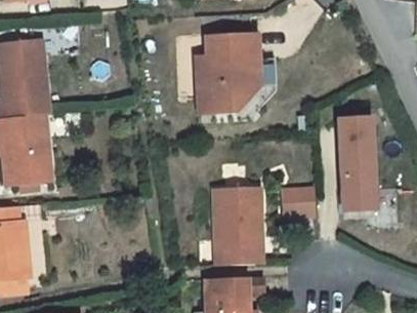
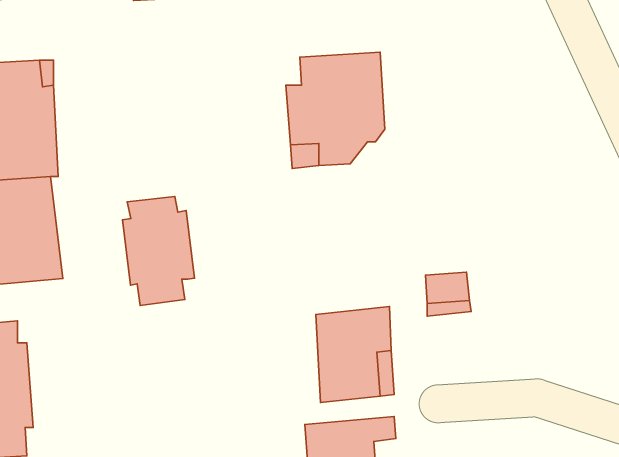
building: [337,109,375,203] -> none
building: none -> [123,197,194,305]
building: [214,184,263,207] -> none

